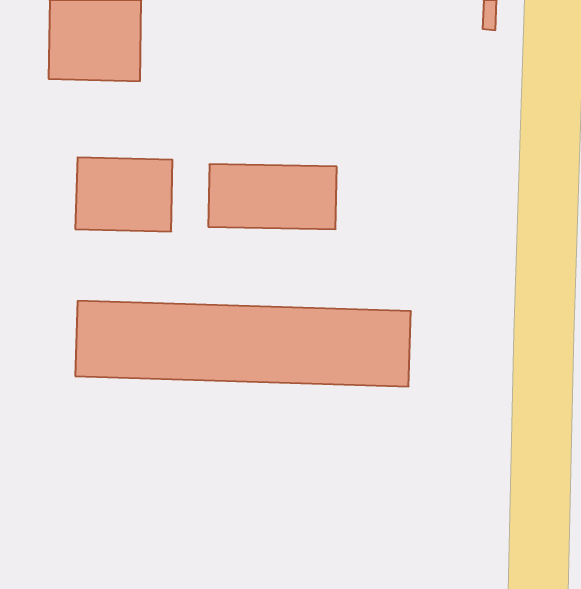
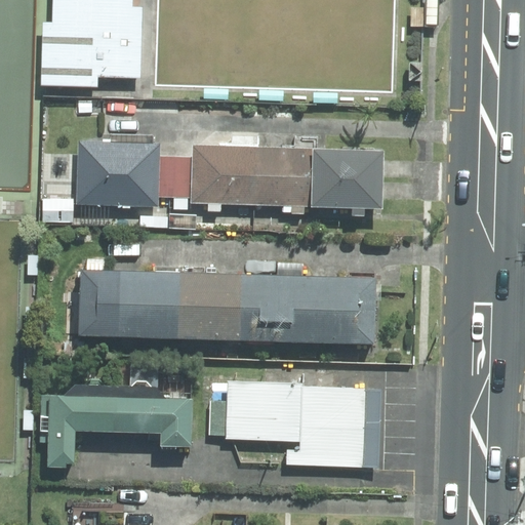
building: none -> [310,150,380,208]
building: none -> [213,382,383,469]
building: none -> [41,395,195,469]

